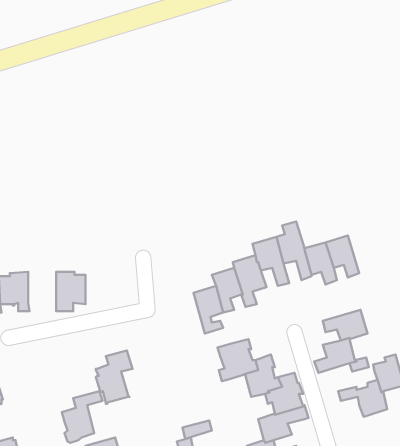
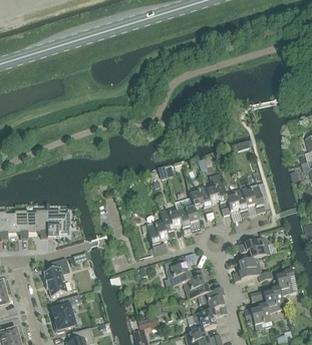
building: none -> [27,209,47,237]
building: [96,351,132,404] -> [43,258,69,296]
building: none -> [243,298,272,329]

